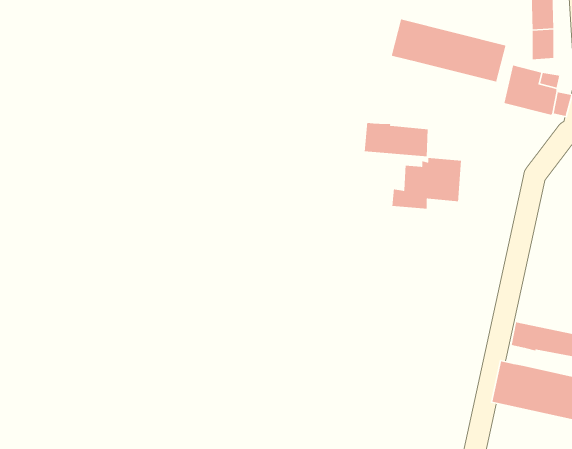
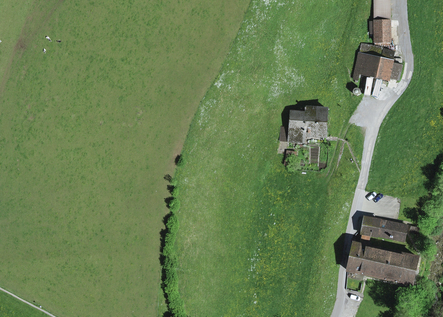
building: [391,19,506,83] -> none
building: [364,122,428,157] -> none

